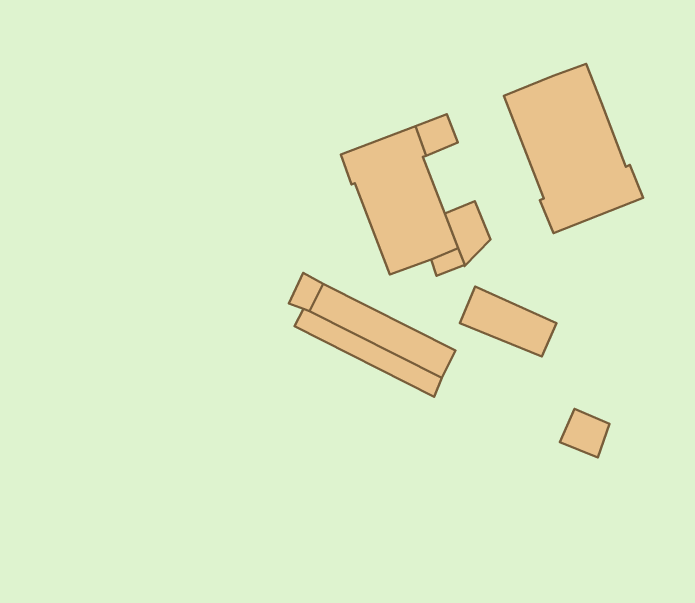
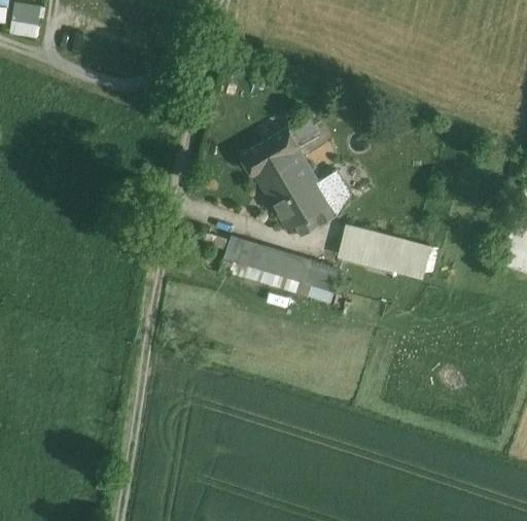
building: [504,64,643,233] -> none
building: [560,409,609,458] -> [396,241,427,271]

